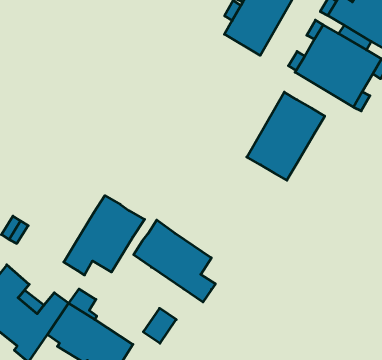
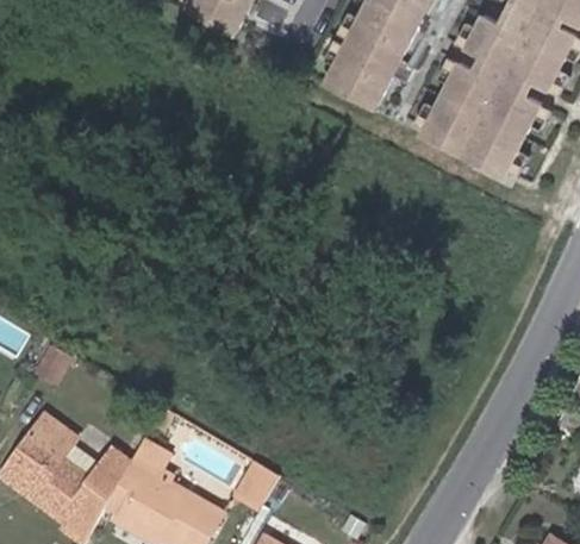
building: [247,92,325,180] -> none
building: [64,196,145,275] -> none
building: [134,220,215,302] -> none

